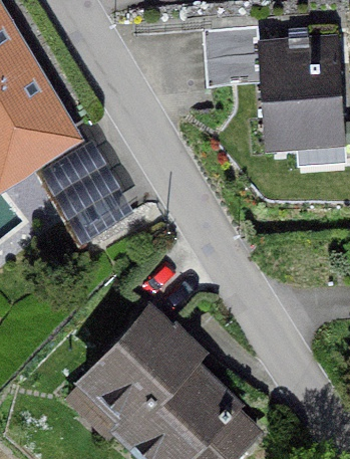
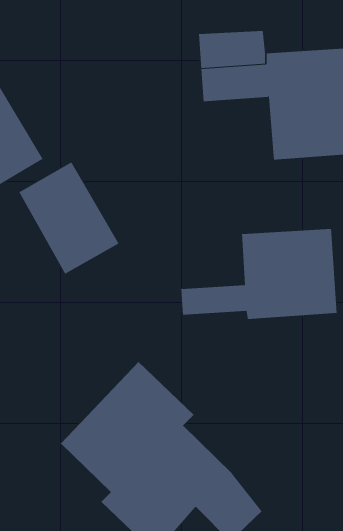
building: none -> [181,228,337,320]

